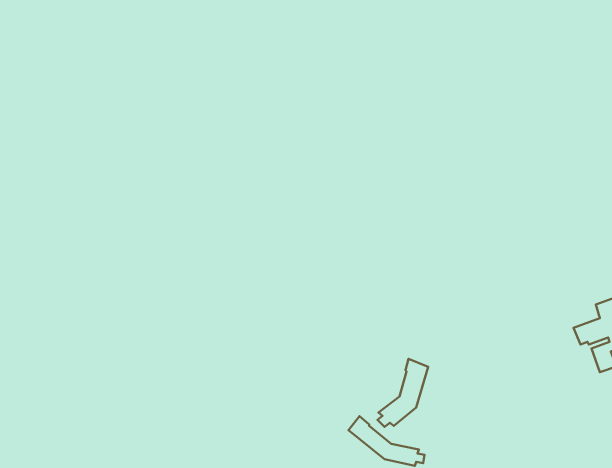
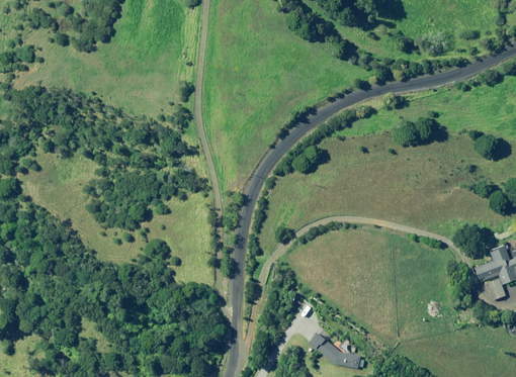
building: [377,359,428,427] -> none

